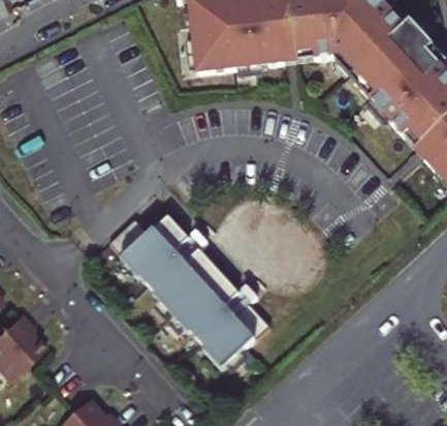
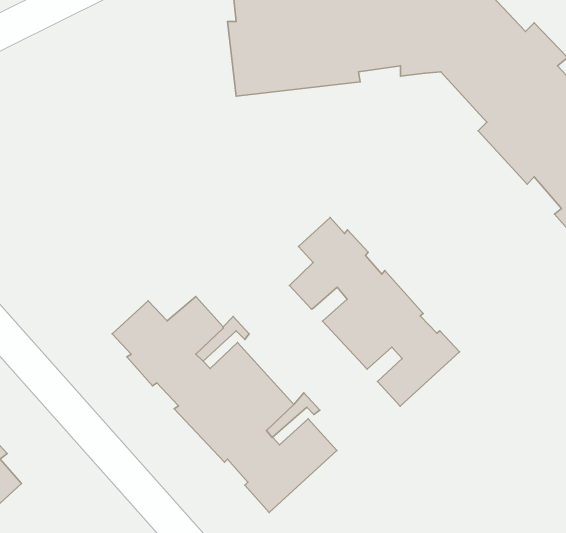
building: none -> [289,217,459,406]

